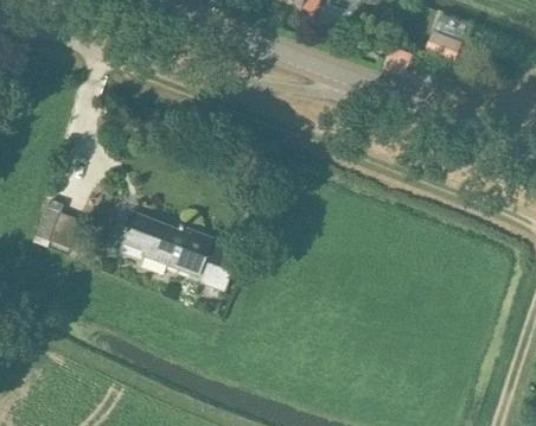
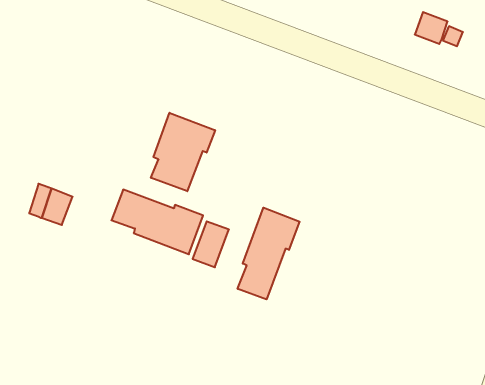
building: none -> [151,113,215,191]
building: none -> [238,208,300,299]

